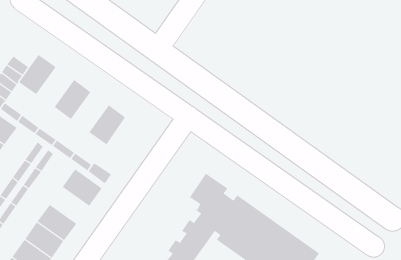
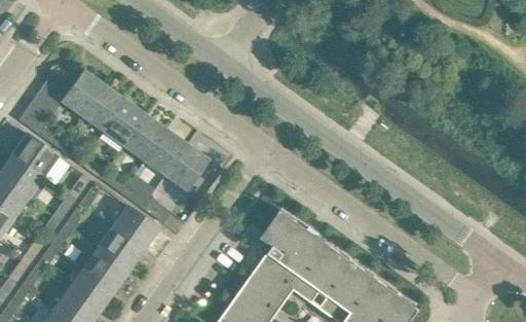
building: none -> [81,84,125,132]
building: none -> [122,114,166,162]
building: none -> [164,144,209,191]
building: none -> [97,226,144,271]

